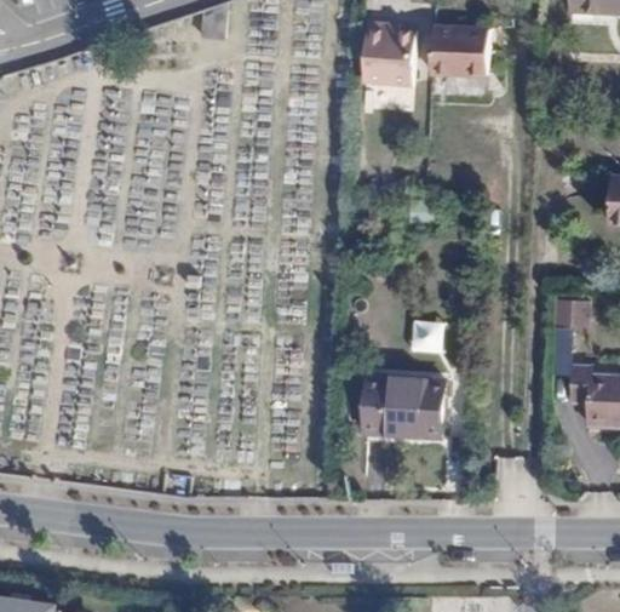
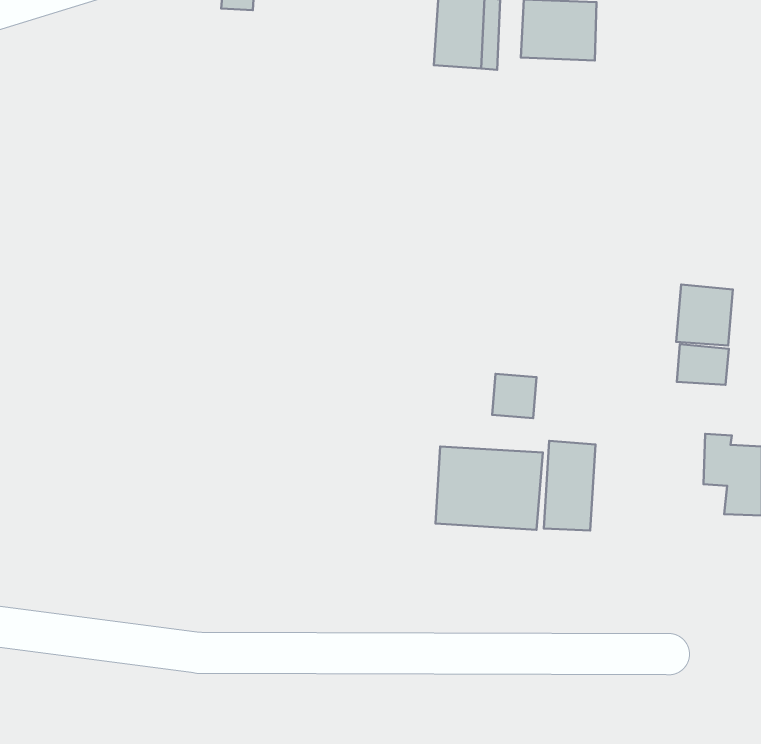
building: none -> [676,284,733,346]
building: none -> [544,441,595,531]

